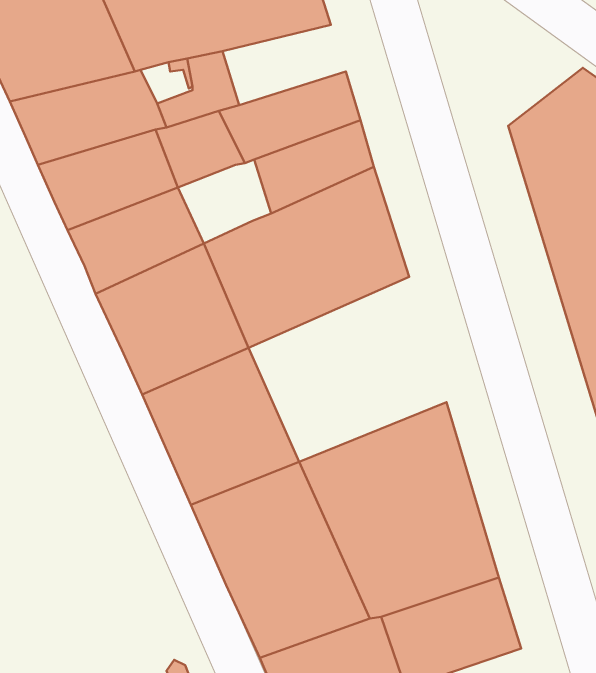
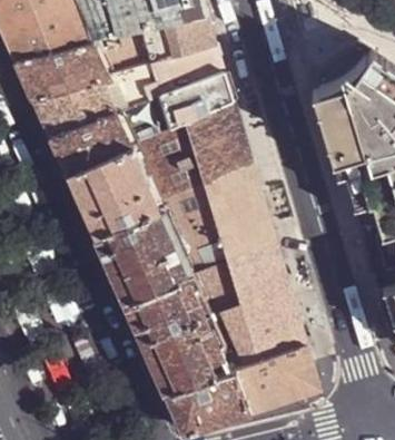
building: none -> [142,22,216,70]
building: none -> [116,106,160,153]
building: none -> [158,173,276,283]

